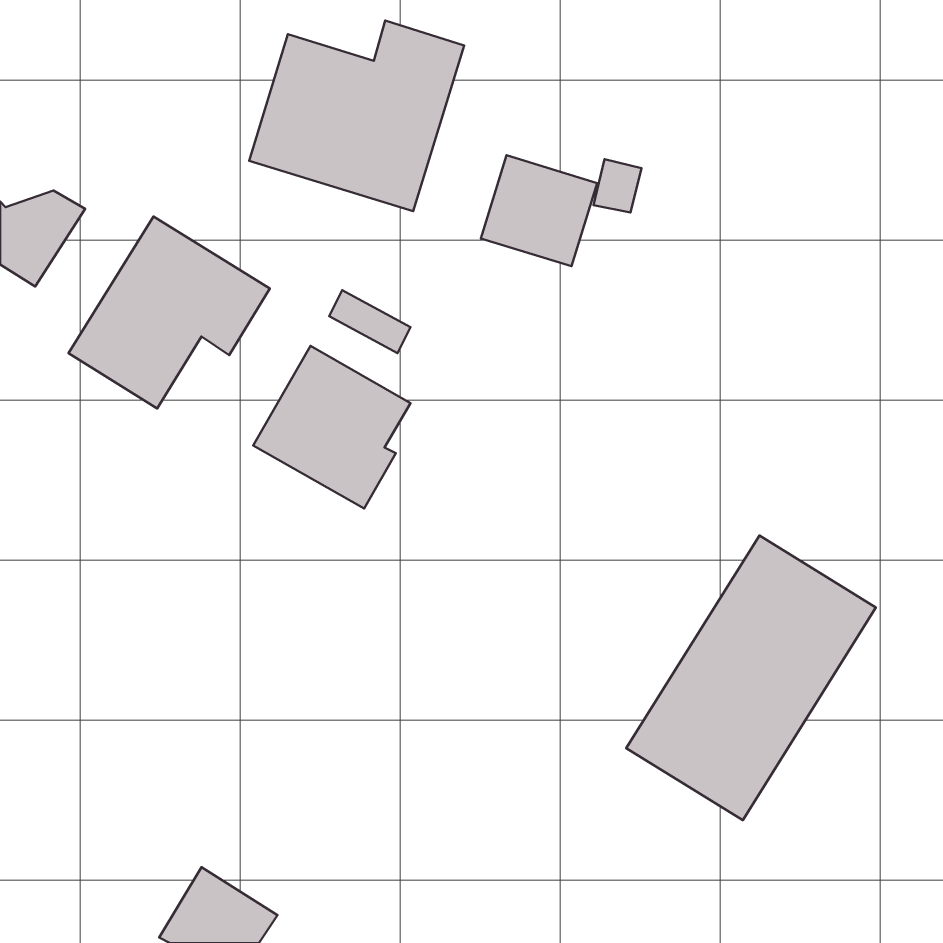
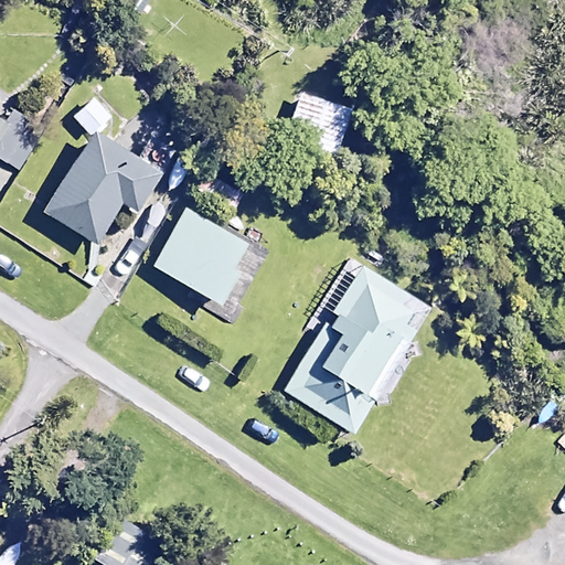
building: [249,20,464,211] -> none
building: [626,535,876,820] -> [284,265,433,435]

